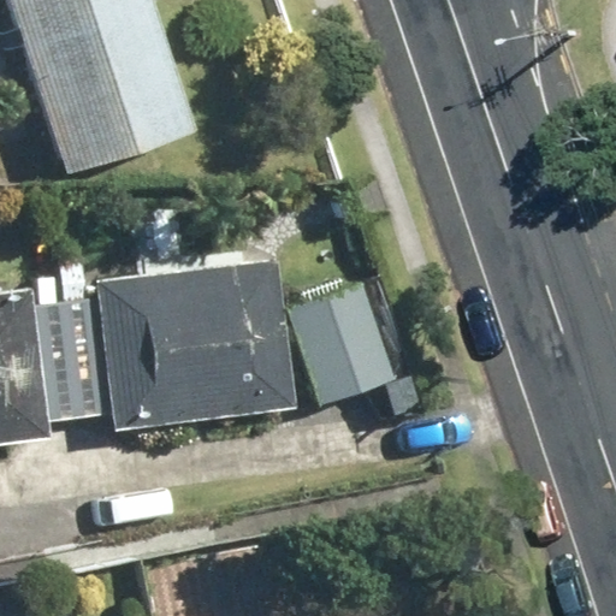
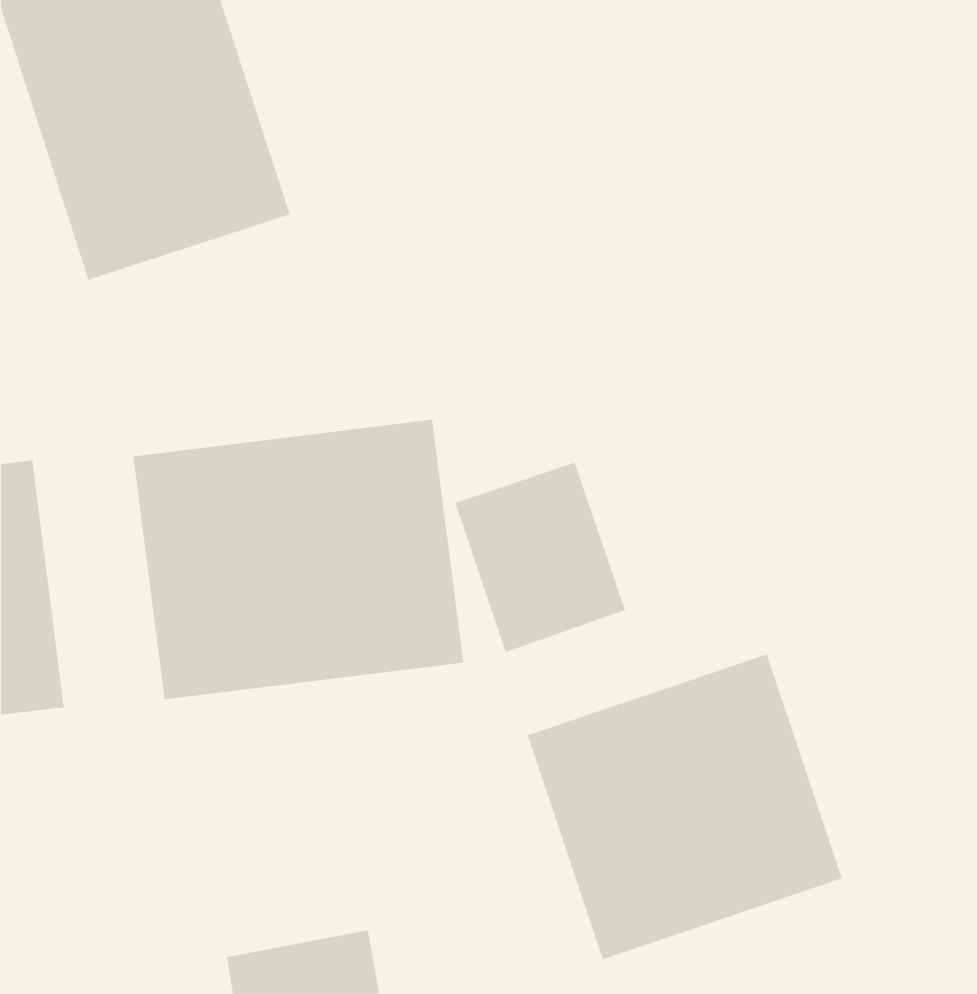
building: none -> [527,654,842,960]

